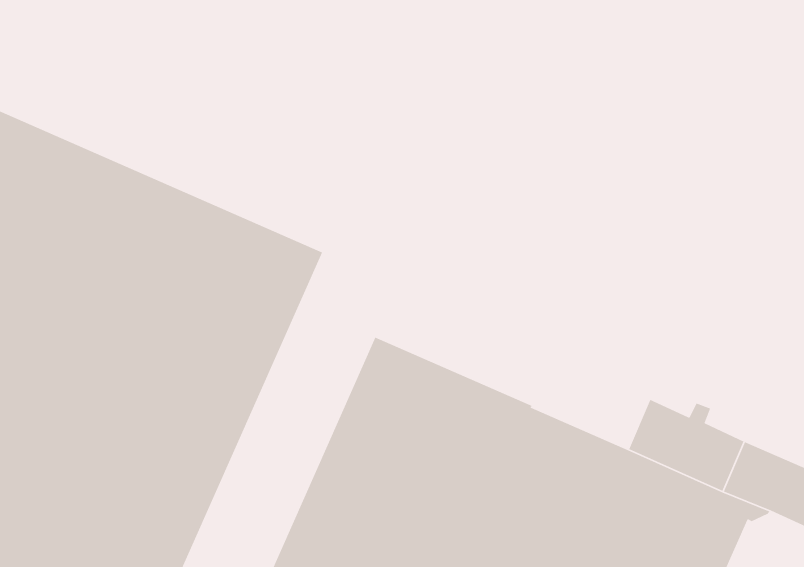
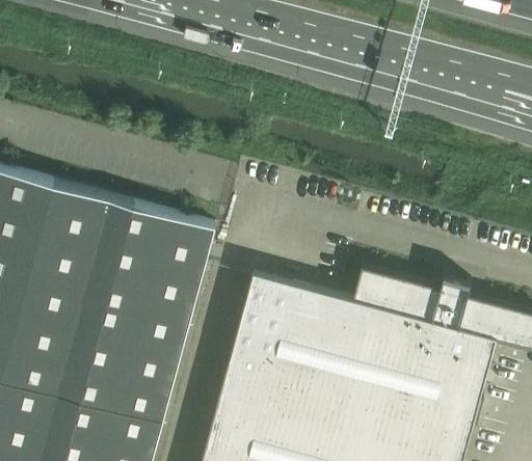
building: none -> [353,270,423,318]

